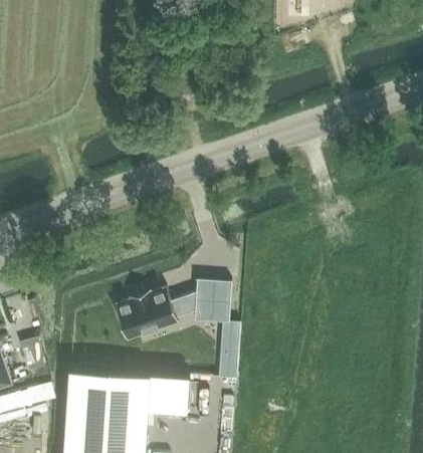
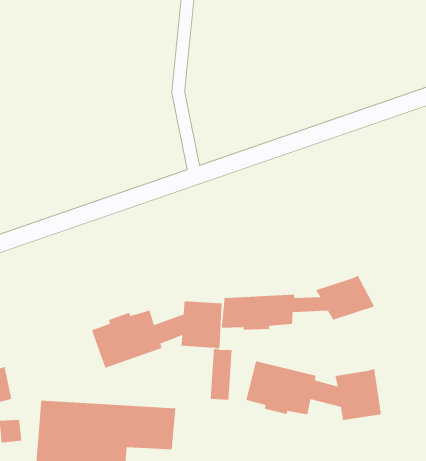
building: none -> [221,275,375,330]
building: none -> [246,360,382,421]

